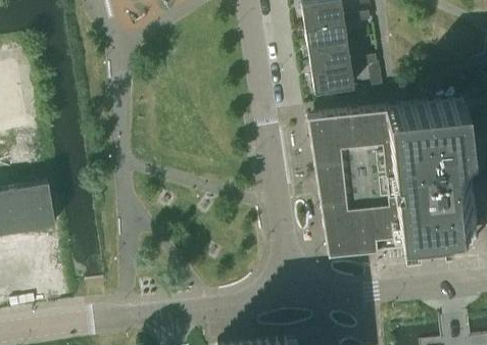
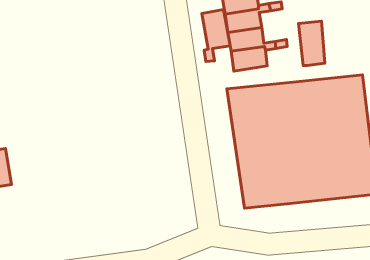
building: none -> [202,10,230,61]
building: none -> [299,21,325,66]

